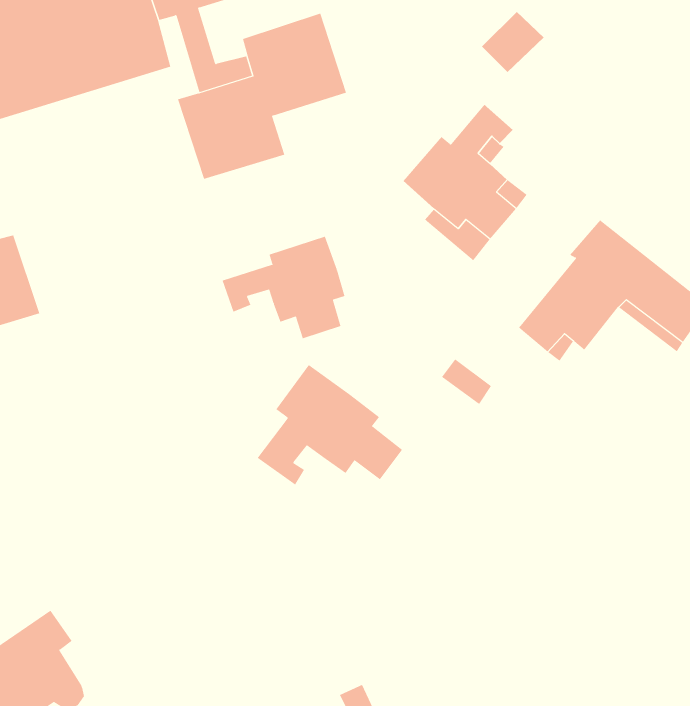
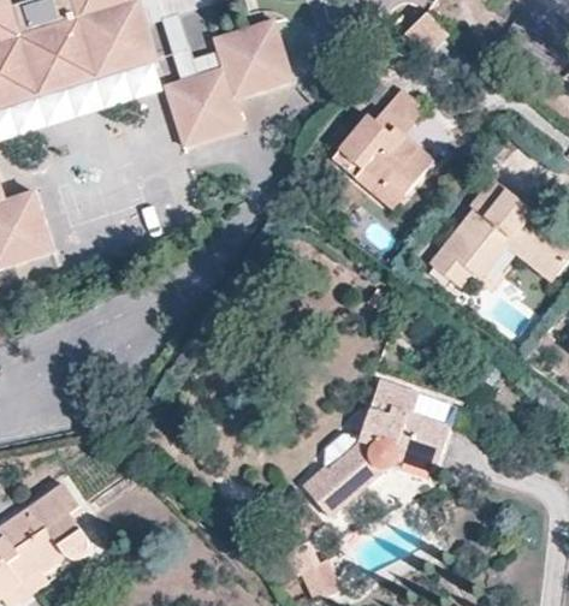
building: [222,236,345,339] -> none
building: [257,364,403,486] -> none
building: none -> [303,381,456,515]

